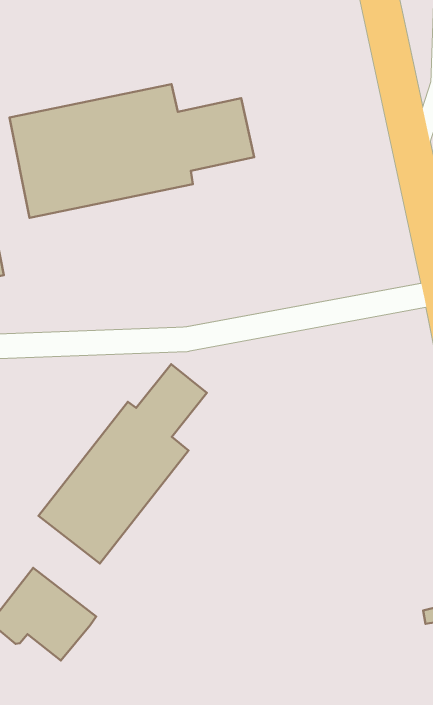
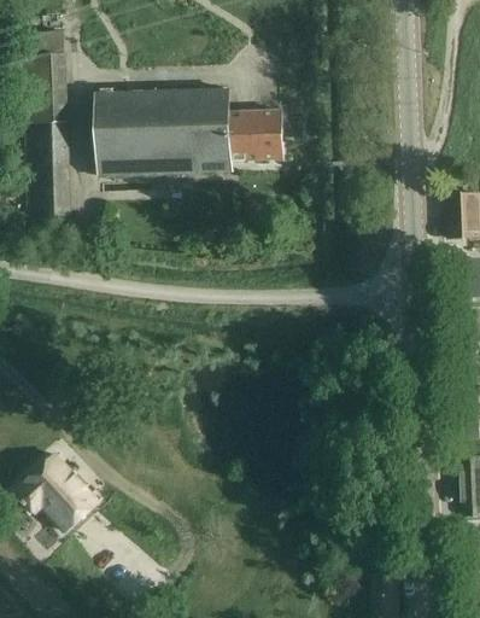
building: [38,364,207,563] -> none

